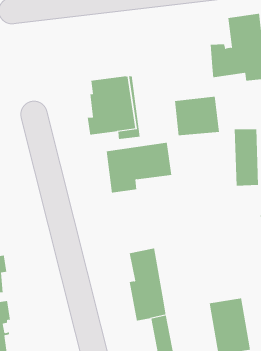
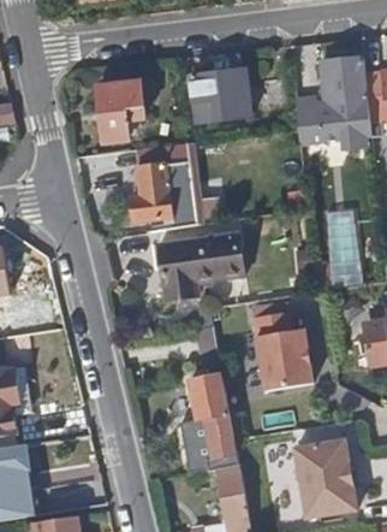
building: none -> [95,81,143,141]
building: [174,96,220,136] -> [189,72,250,125]
building: none -> [255,309,312,386]

